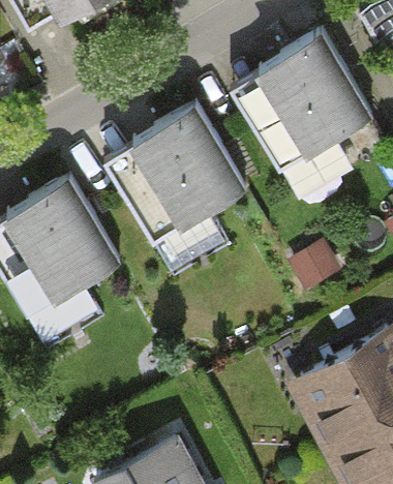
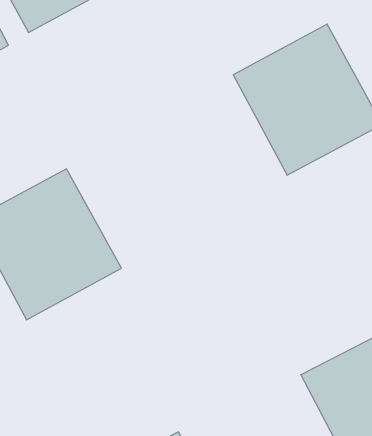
building: [104,104,250,252] -> none

